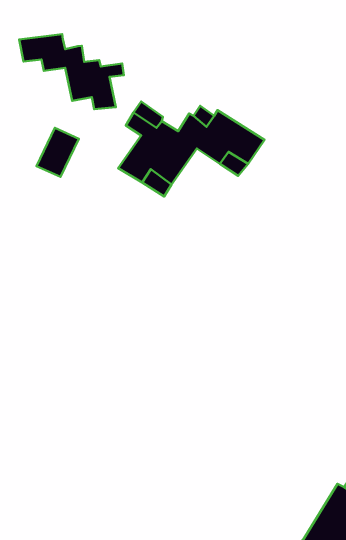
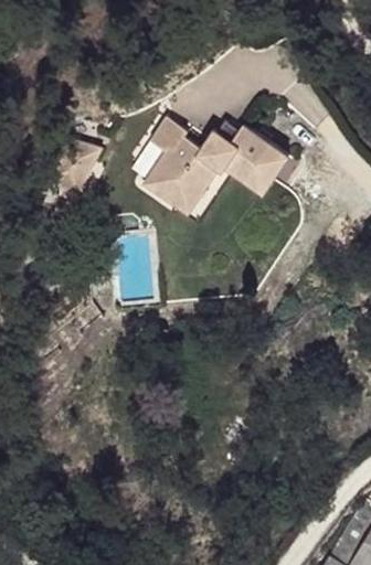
building: [19,34,124,109] -> none

